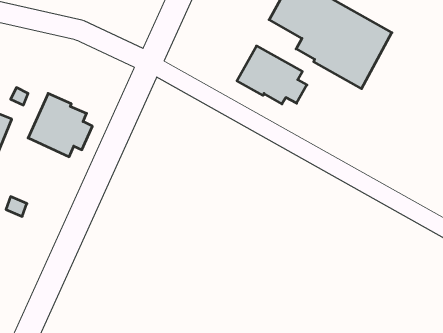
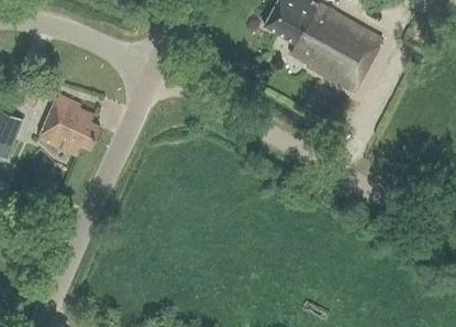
building: [237,46,307,104] -> none

